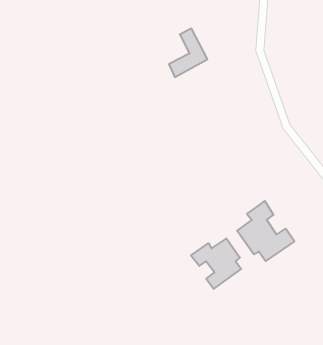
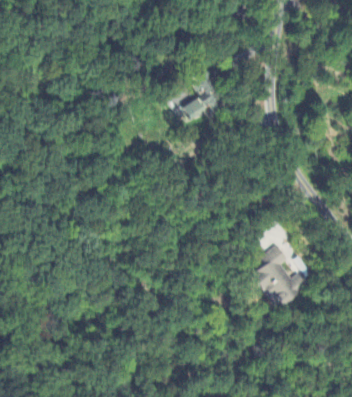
building: [191,238,241,289] -> none

